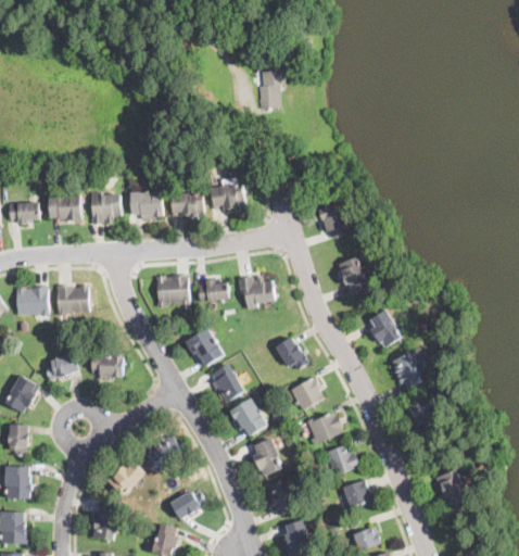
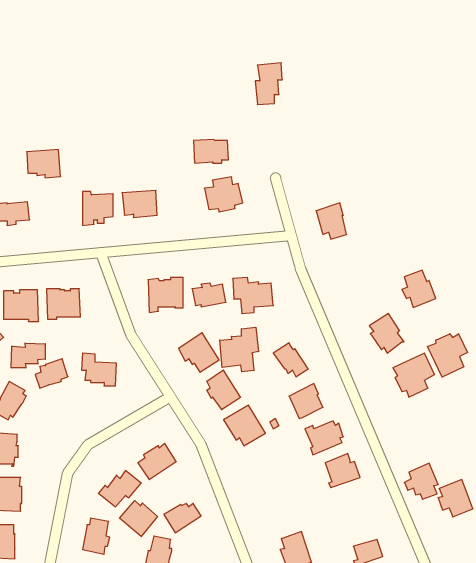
building: [170,193,204,216] -> [194,139,228,163]
building: [49,194,81,222] -> [27,150,61,178]
building: [337,257,369,293] -> [402,270,436,307]
building: none -> [220,327,259,372]
building: none -> [427,334,467,377]
building: none -> [11,343,45,368]
building: [404,397,436,432] -> [404,463,438,499]
building: [250,438,281,477] -> none
building: [262,479,295,516] -> none
building: [342,480,370,507] -> none
building: none -> [119,501,157,537]

